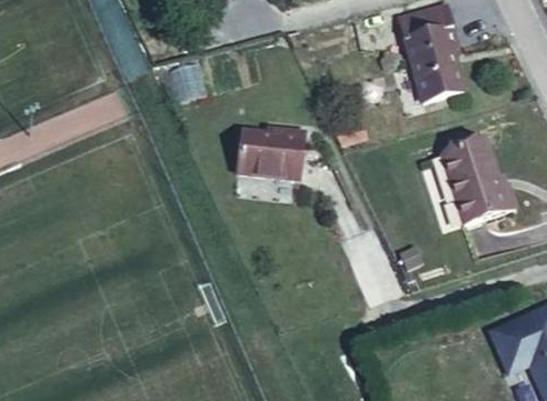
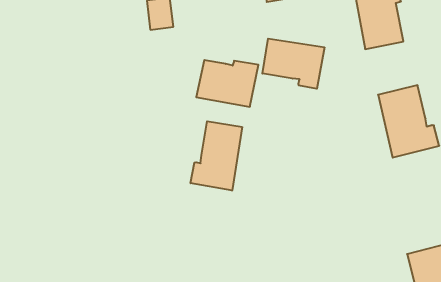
building: none -> [262,39,324,89]
building: none -> [191,121,242,191]

